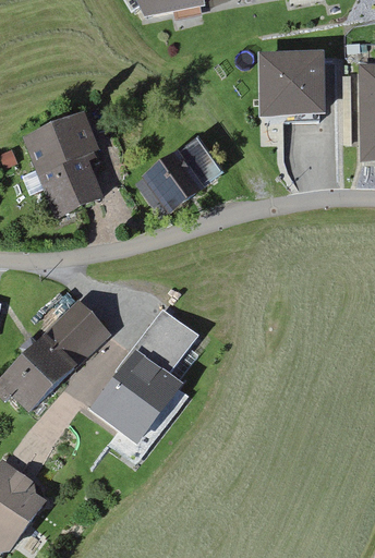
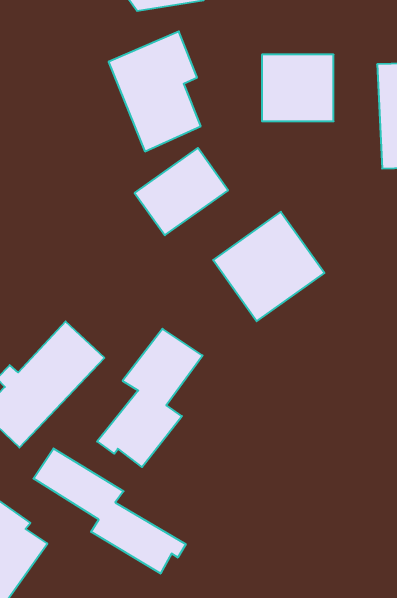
building: [27,113,110,221] -> [109,31,201,151]
building: none -> [213,212,324,321]
building: none -> [33,448,186,574]

